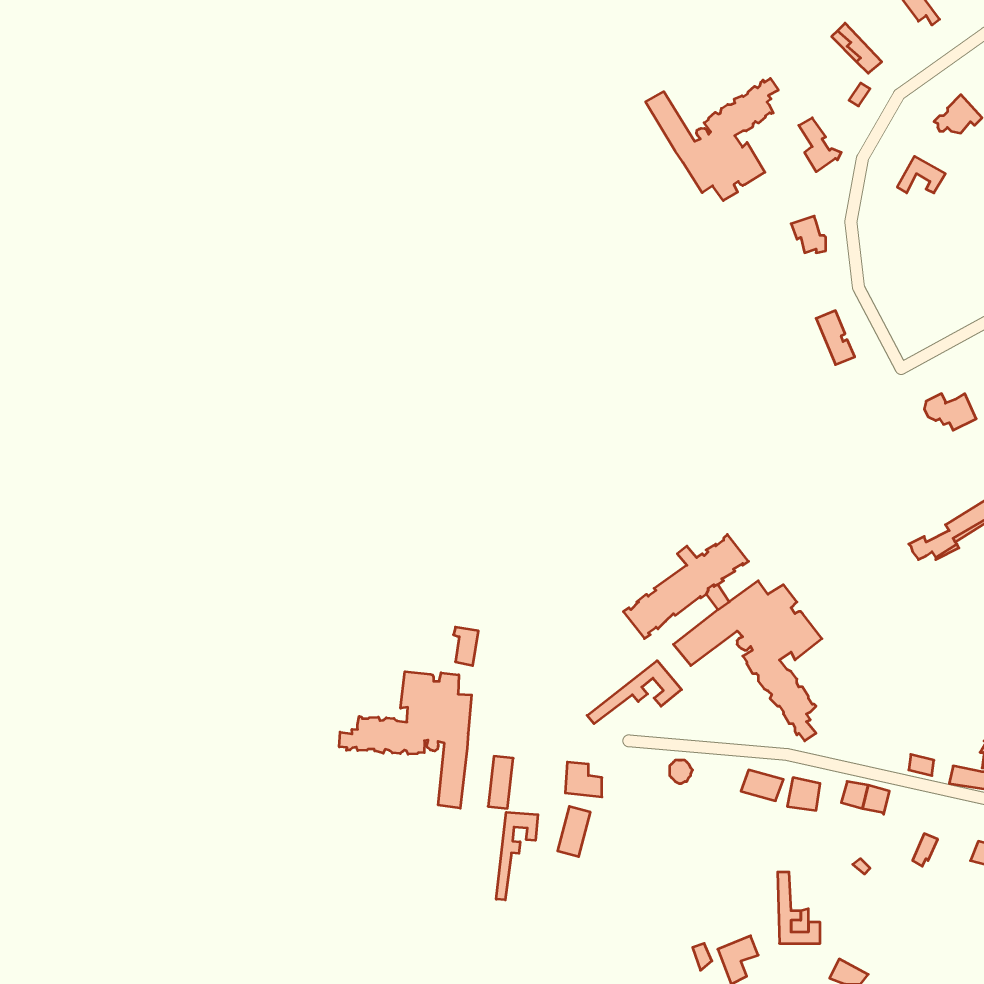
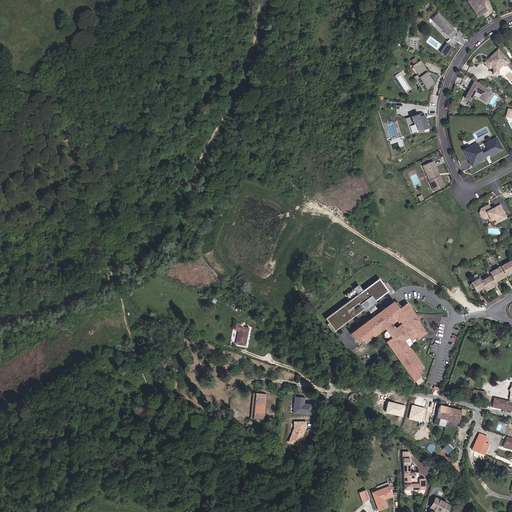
building: [646,78,778,201] -> none
building: none -> [465,137,503,165]
building: [587,661,682,724] -> none
building: [339,672,472,808] -> none
building: [496,812,538,900] -> none

